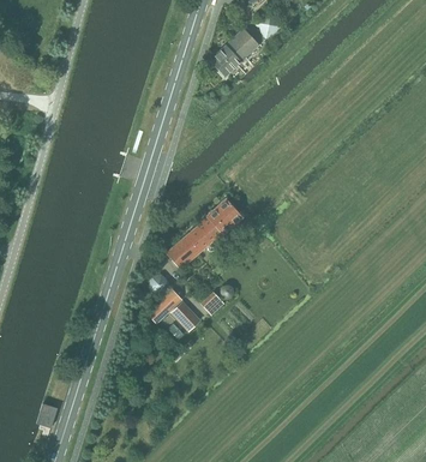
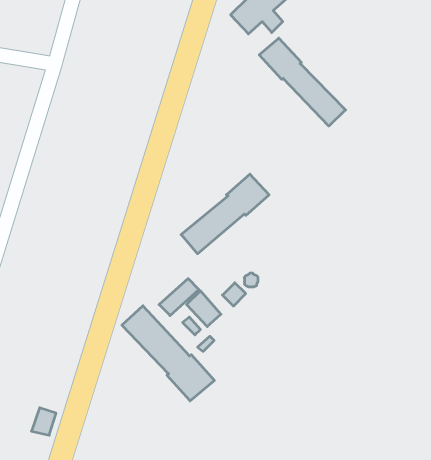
building: none -> [259,38,346,126]
building: none -> [122,306,214,401]

